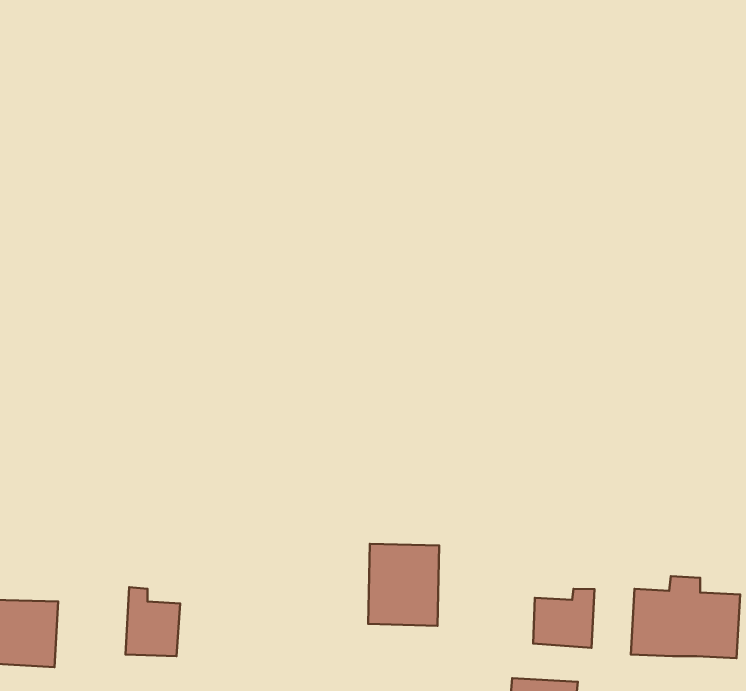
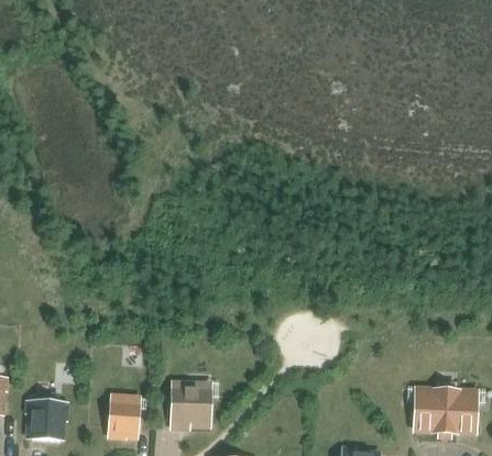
building: [368,544,439,626] -> [170,378,212,427]
building: [533,589,595,648] -> none

